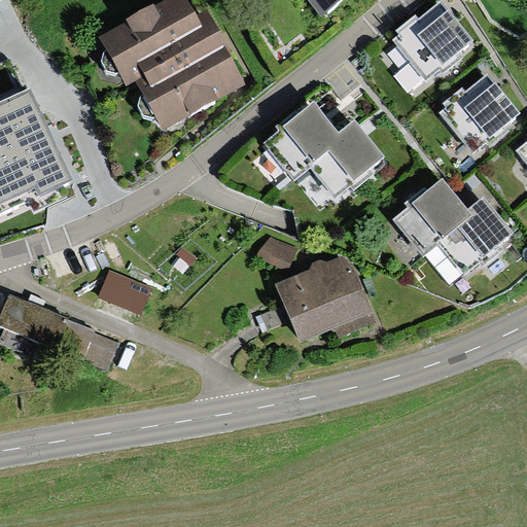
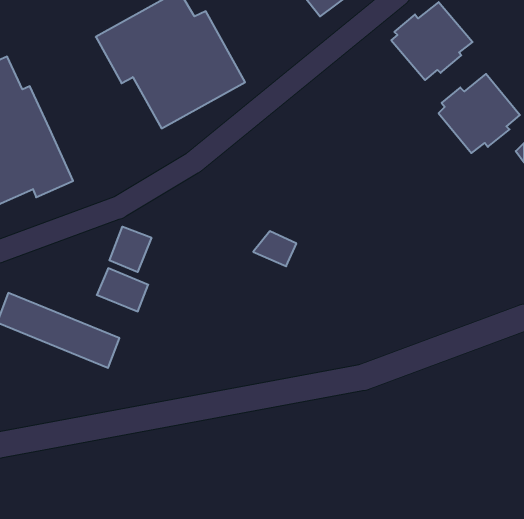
building: [262,102,384,198] -> none
building: [393,182,511,274] -> none
building: none -> [109,227,151,272]
building: [275,254,376,342] -> none

